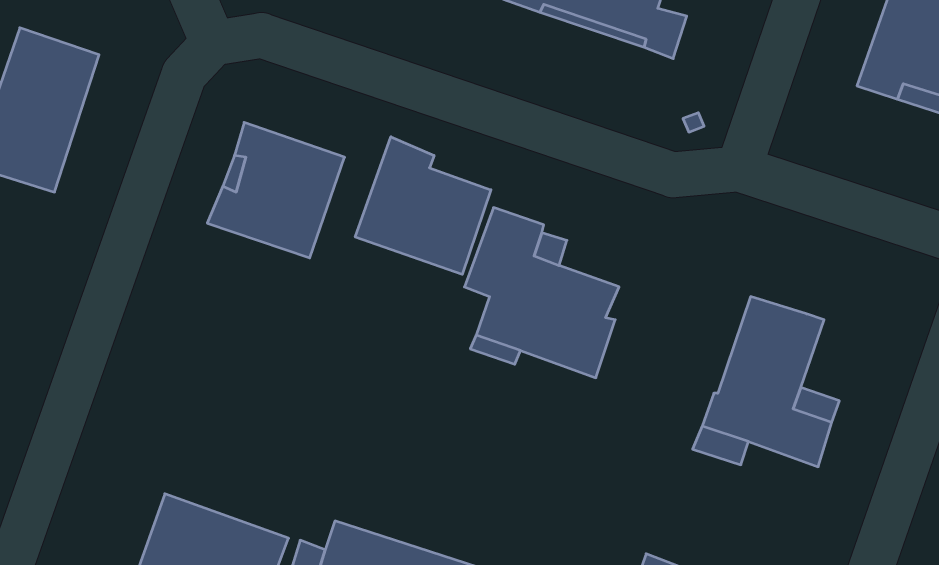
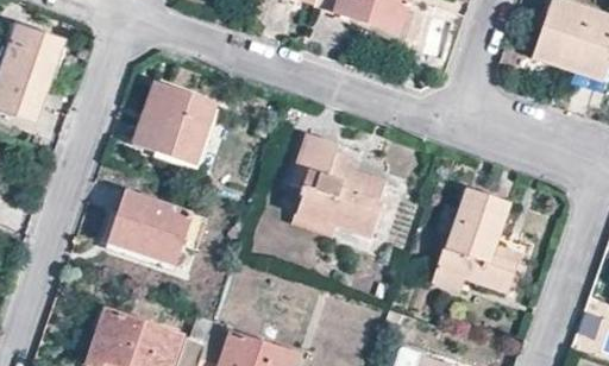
building: [355,137,491,274] -> none
building: none -> [108,191,206,264]

